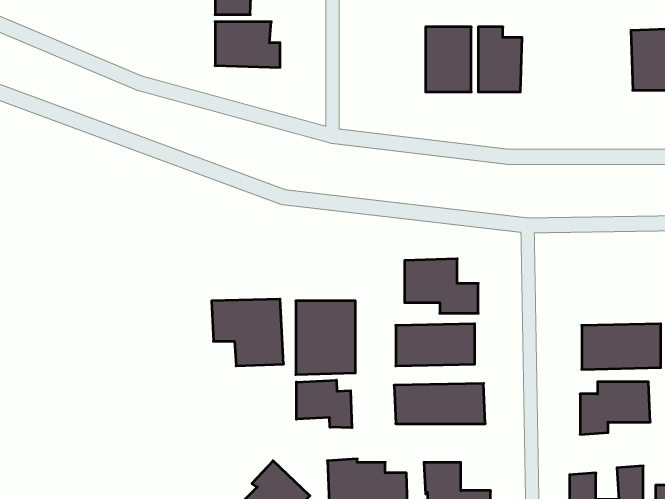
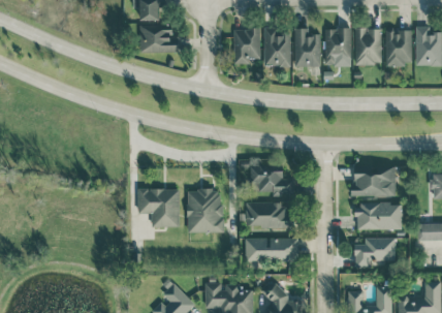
building: none -> [233,29,260,65]
building: none -> [324,29,351,67]
building: none -> [355,29,381,65]
building: none -> [350,168,394,197]
building: [296,380,352,428] -> none

